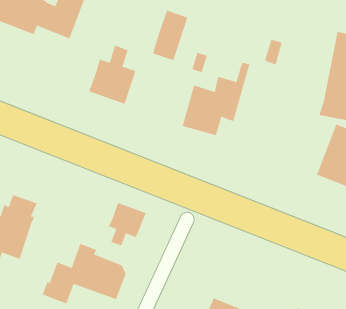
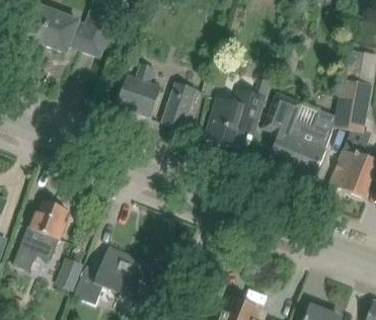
building: [152,10,188,61] -> [163,80,197,128]
building: none -> [264,90,335,176]
building: [108,202,146,246] -> none
building: none -> [55,256,83,291]

